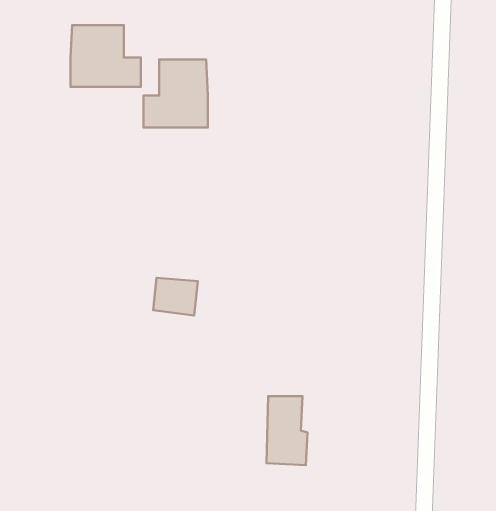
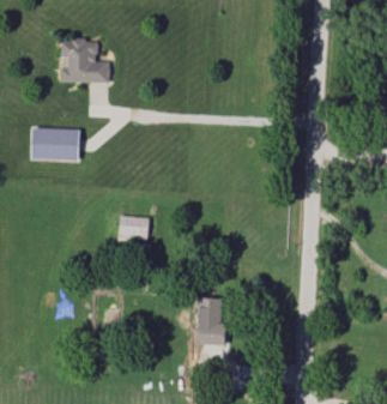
building: [144,60,208,127] -> none
building: none -> [31,127,79,161]

